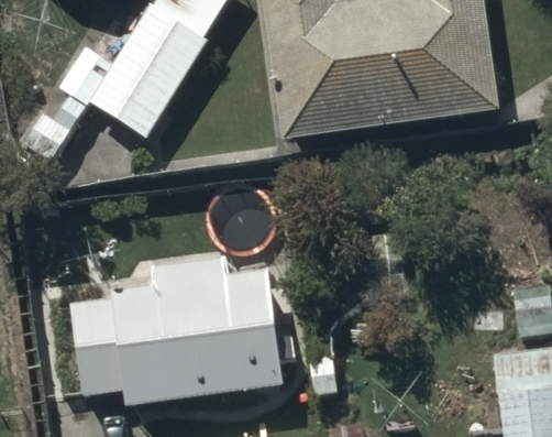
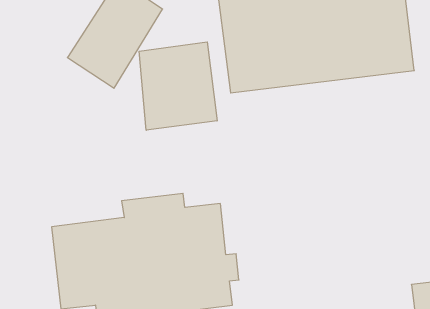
building: none -> [139,42,217,130]

